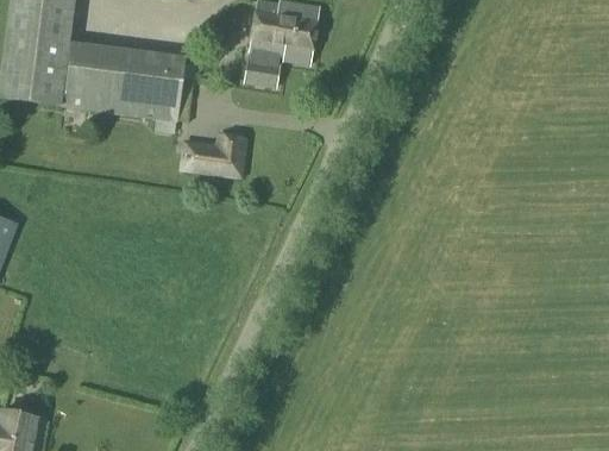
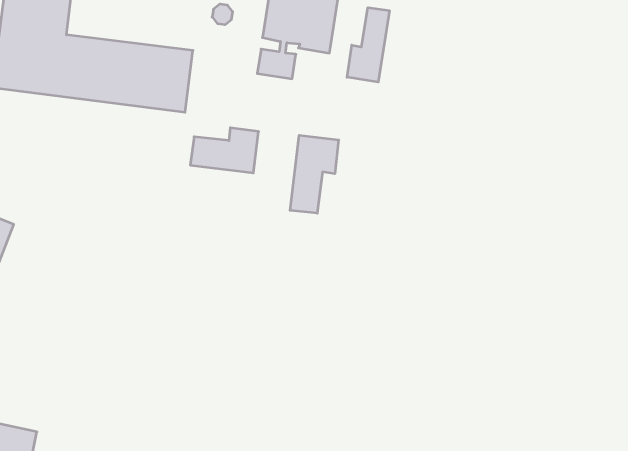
building: none -> [347,8,389,82]
building: none -> [290,135,339,213]

